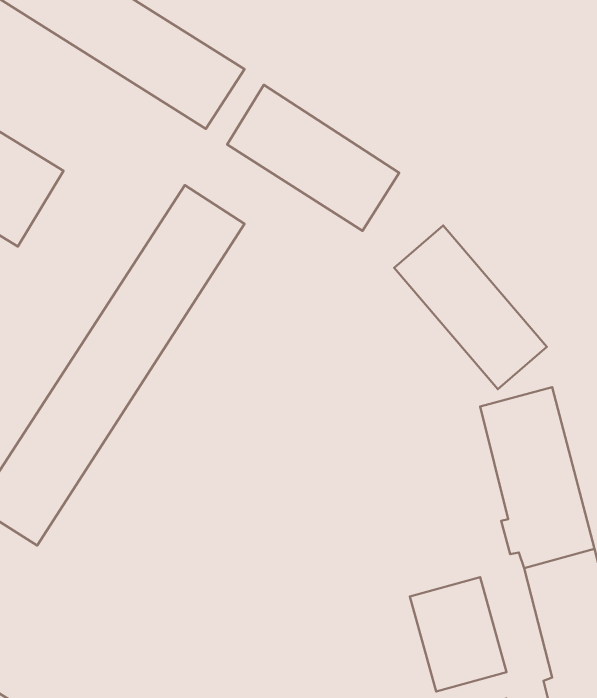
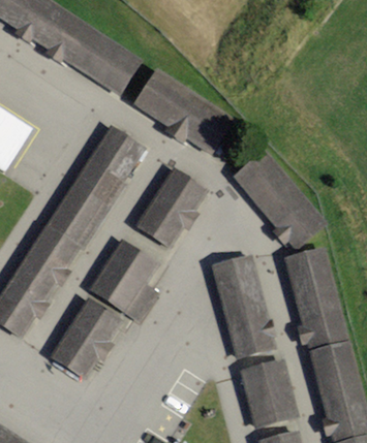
building: none -> [136,167,210,249]
building: none -> [91,240,158,319]
building: none -> [211,254,275,356]
building: none -> [49,297,123,379]

